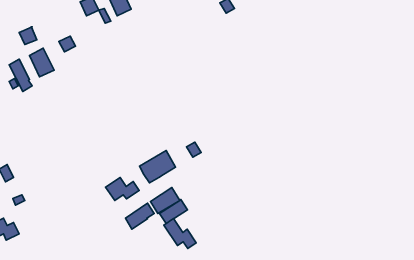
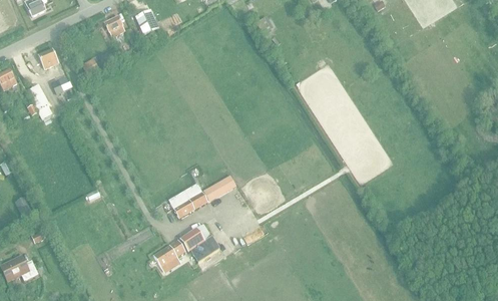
building: [106,177,139,200] -> none
building: [164,219,196,248] -> none

